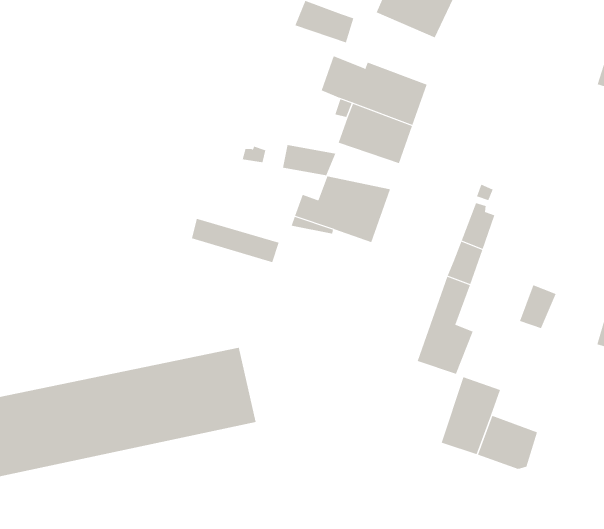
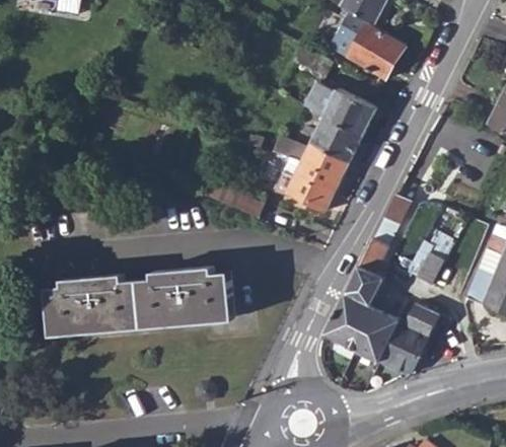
building: none -> [300,140,350,175]
building: none -> [324,293,374,350]
building: none -> [390,304,438,351]

